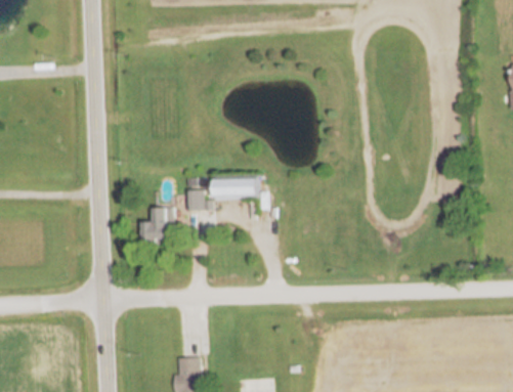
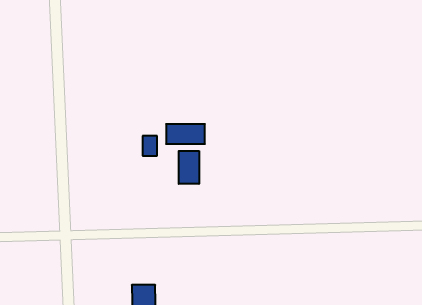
building: none -> [179,151,199,184]
building: [143,208,174,241] -> none

